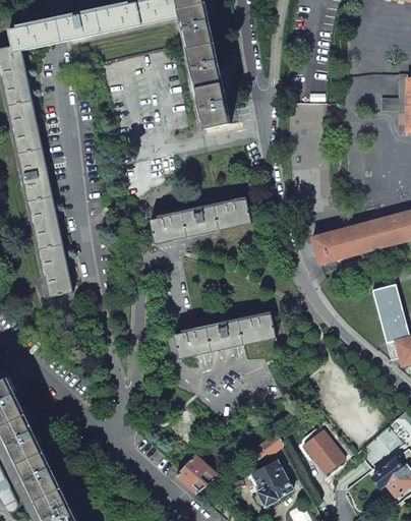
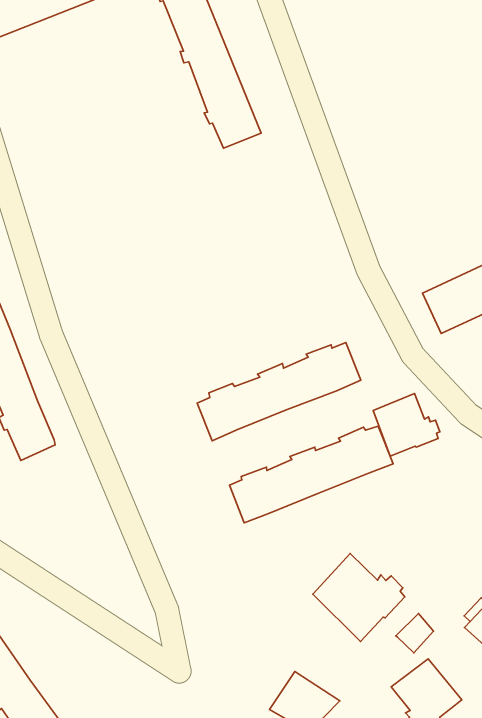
building: [149,198,250,244] -> [197,342,361,441]
building: none -> [373,393,440,456]
building: none -> [313,553,405,641]

